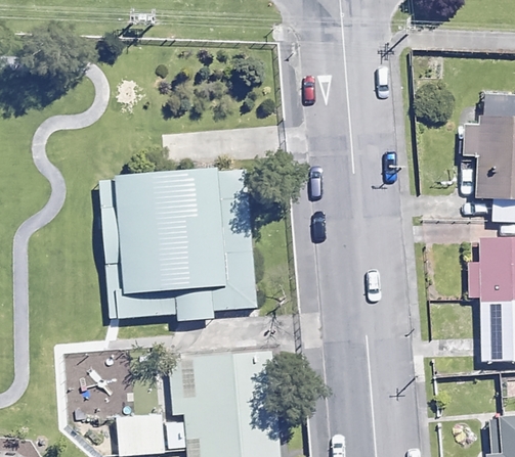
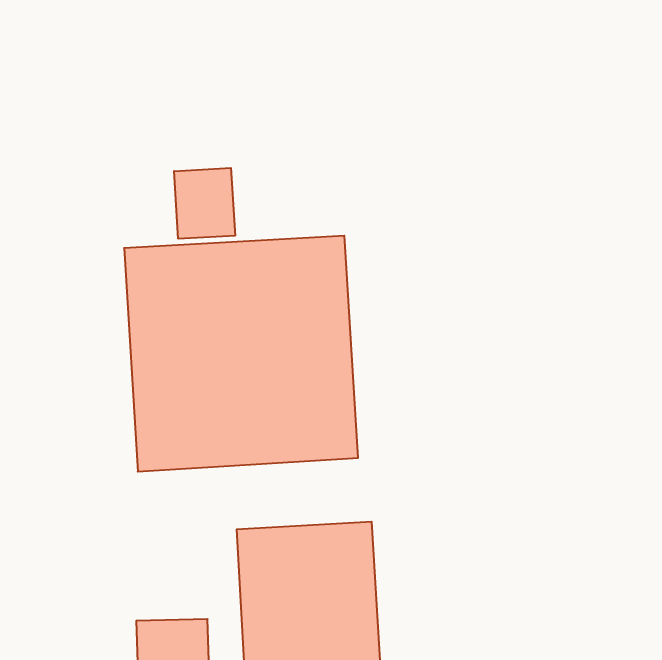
building: none -> [174,168,235,239]

